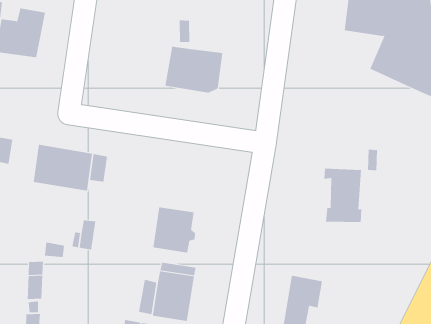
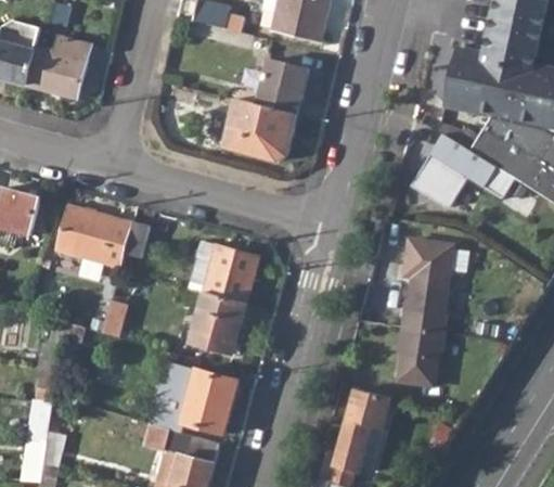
building: none -> [260,62,309,116]
building: none -> [411,137,516,210]
building: none -> [404,241,452,272]
building: none -> [188,240,258,303]
building: none -> [396,330,442,388]

